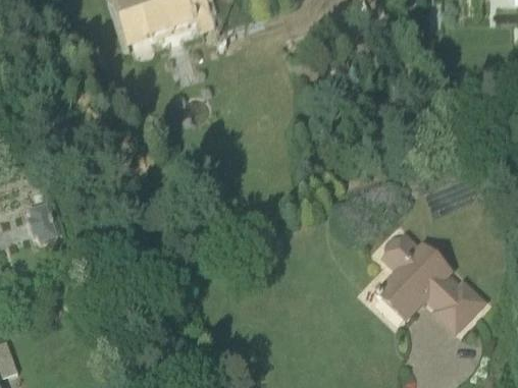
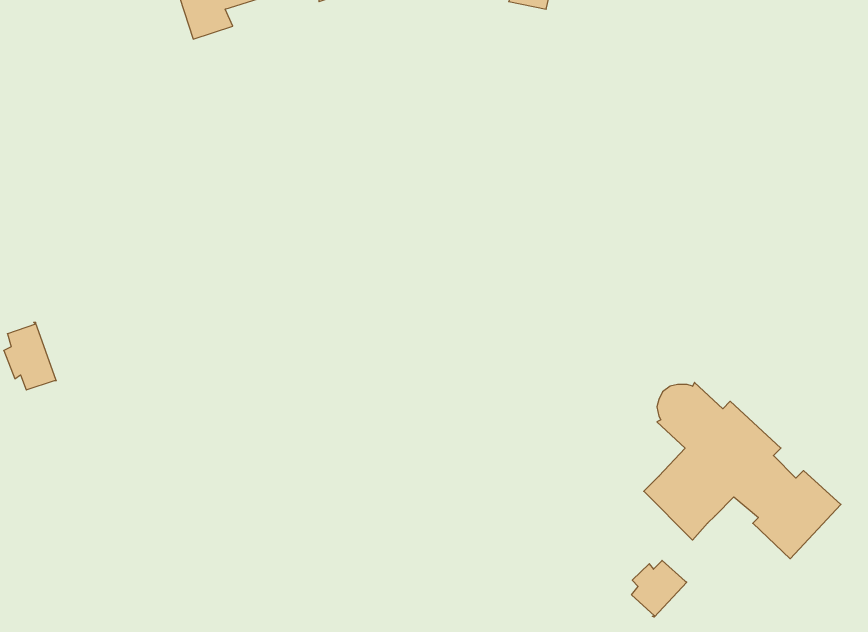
building: none -> [632,560,687,617]

